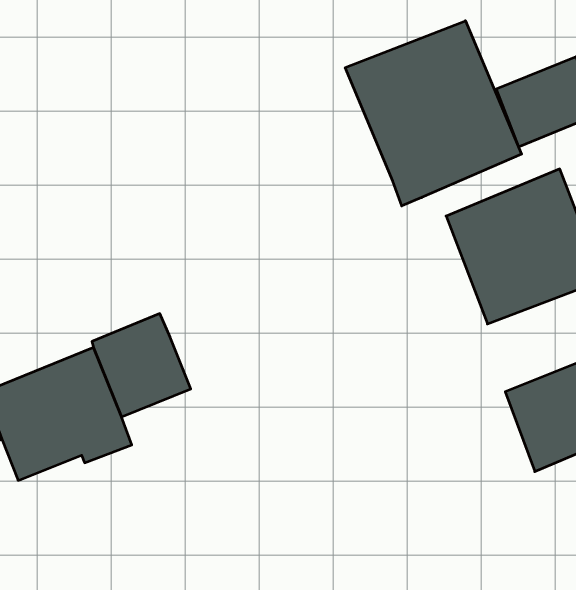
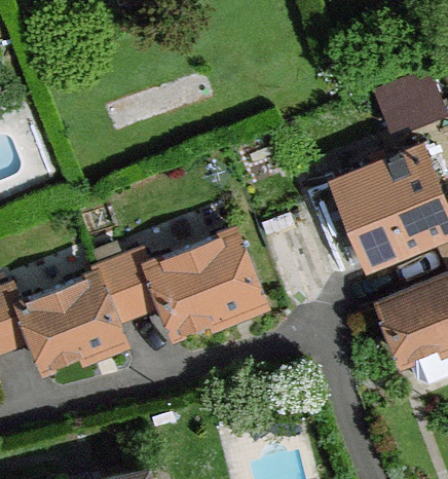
building: [345,21,522,206] -> none
building: none -> [148,232,261,332]

